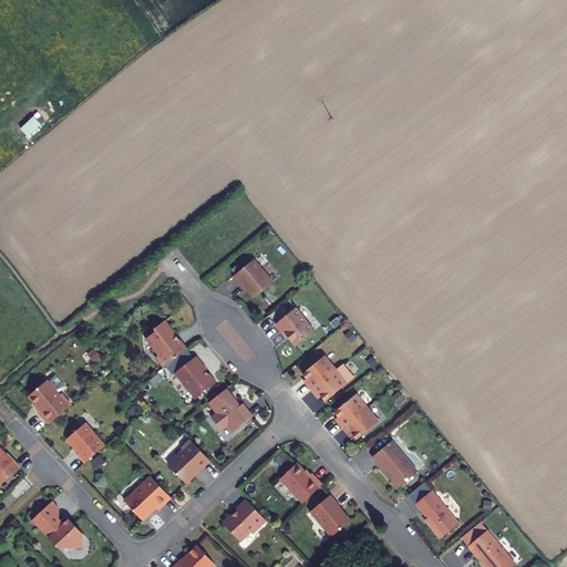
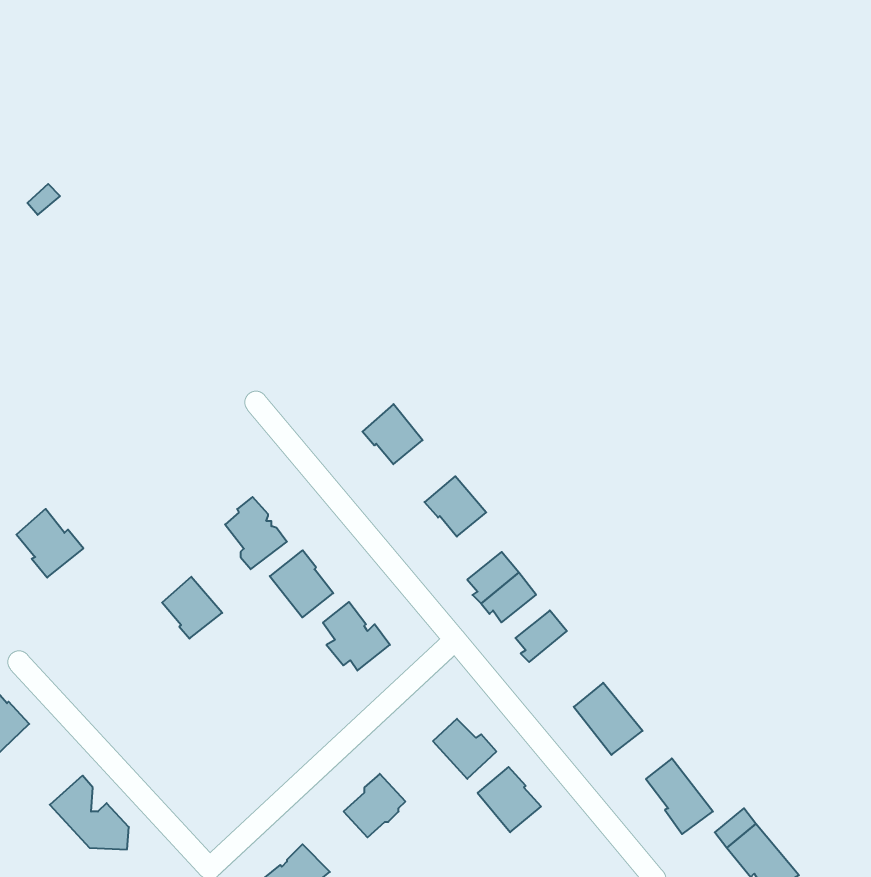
building: [28,379,71,423] -> [16,509,83,578]
building: [341,408,377,440] -> none
building: [65,422,104,462] -> [162,577,222,639]
building: [166,440,208,483] -> none
building: [123,475,171,519] -> none

